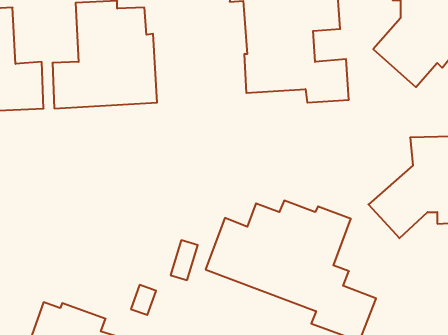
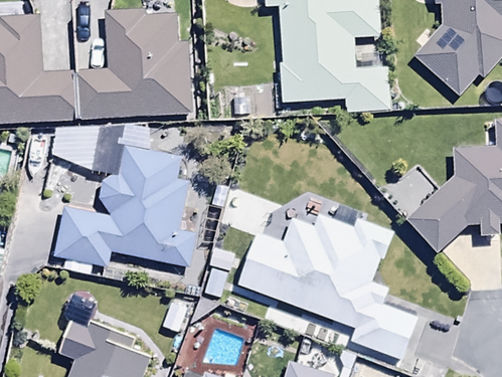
building: none -> [55,125,196,273]

